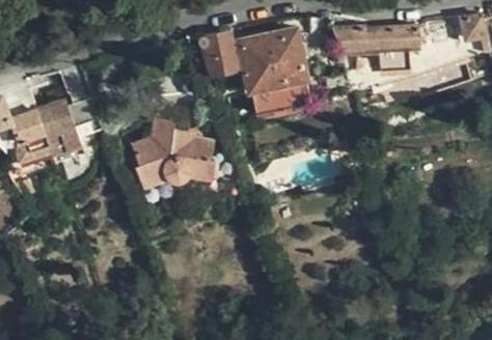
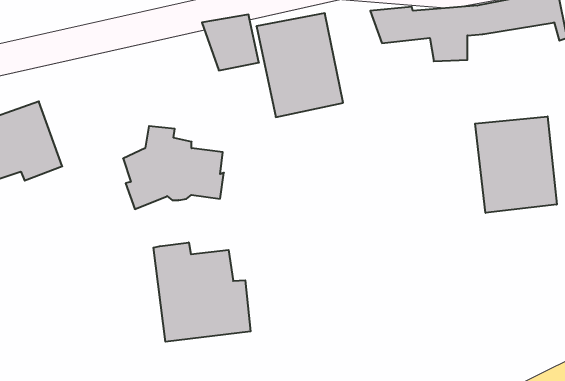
building: none -> [475,116,557,213]
building: none -> [153,242,251,342]

